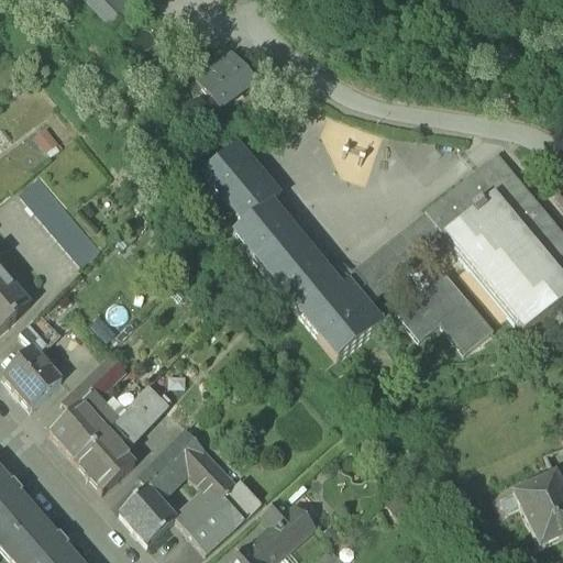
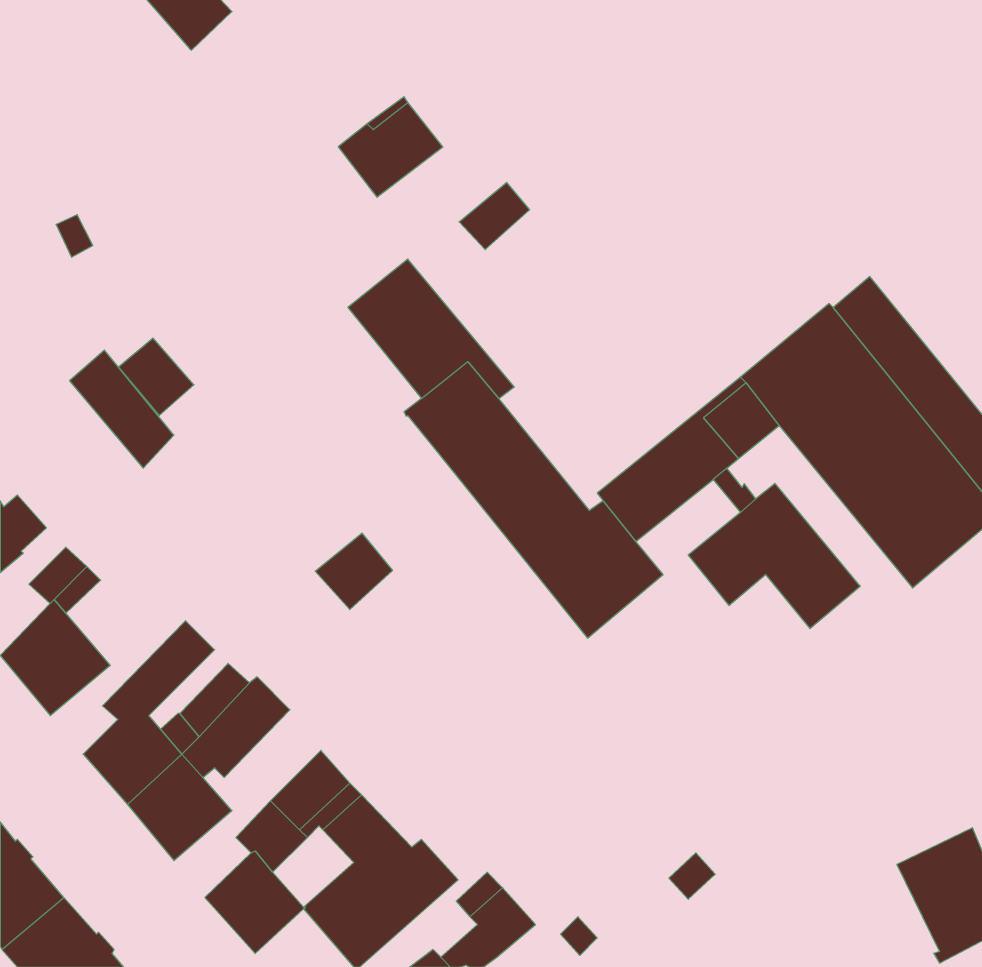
building: none -> [459,182,529,250]
building: [20,173,63,217] -> [118,338,194,416]
building: none -> [315,533,392,610]

